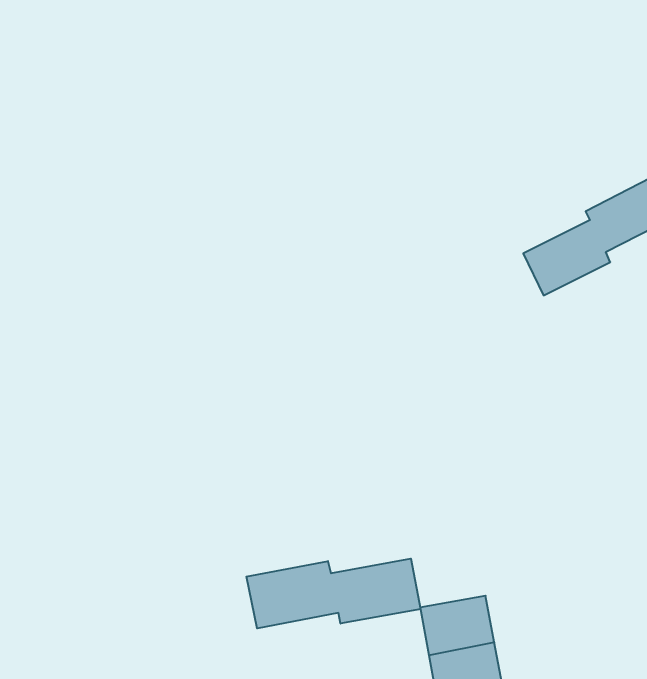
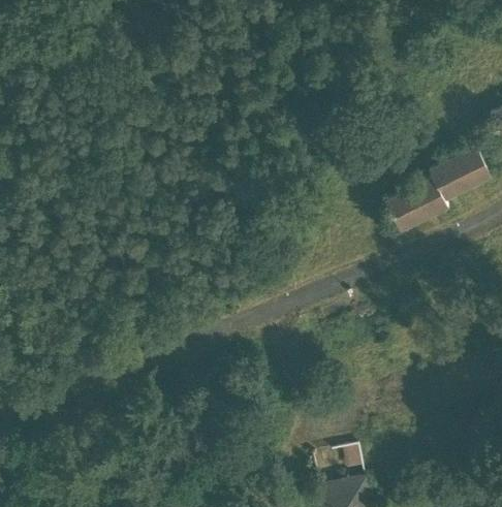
building: [246,559,421,628] -> none

